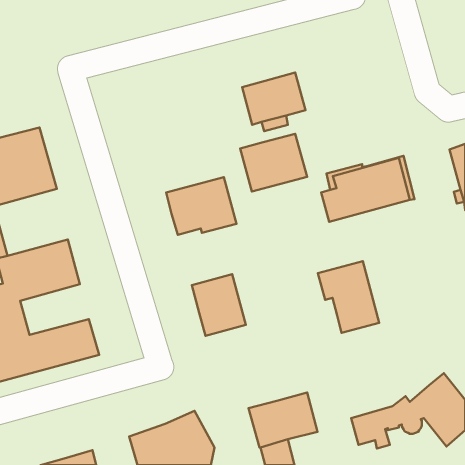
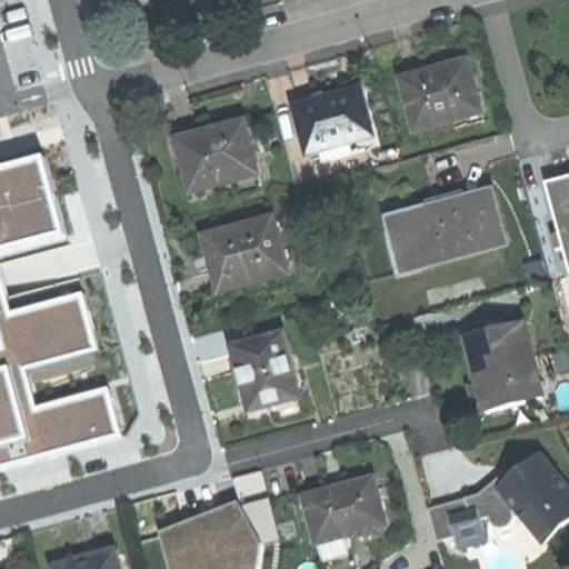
building: none -> [400,58,479,127]
building: [240,134,307,192] -> [174,119,256,189]
building: [318,261,379,333] -> [465,321,539,408]

